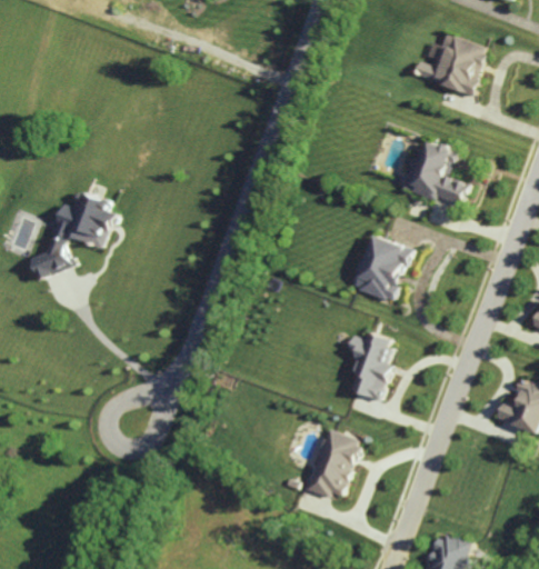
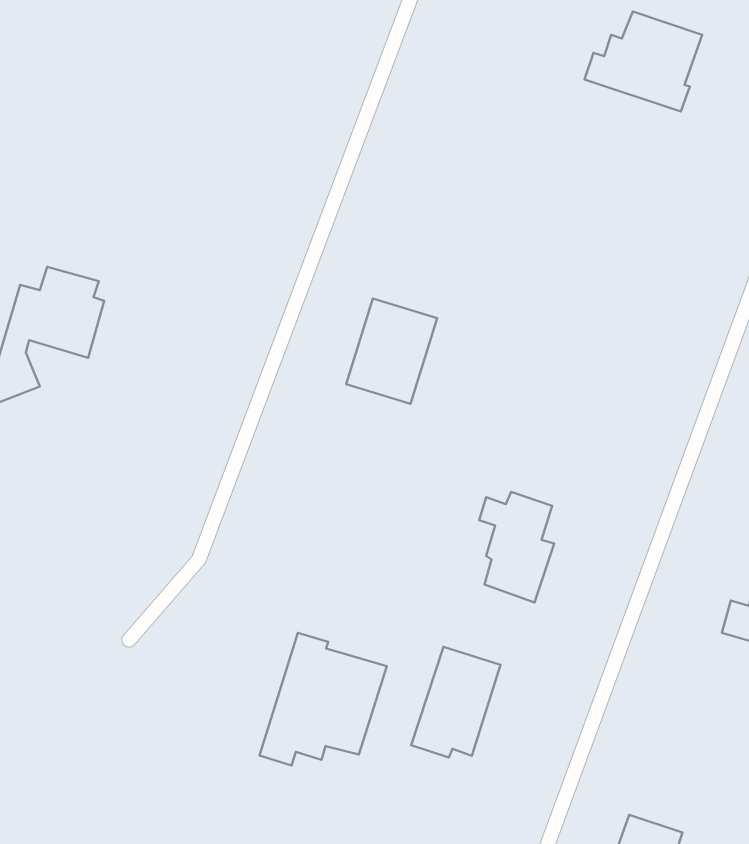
building: [408,140,469,206] -> none
building: [353,236,410,301] -> [346,299,437,404]
building: none -> [259,633,387,765]

